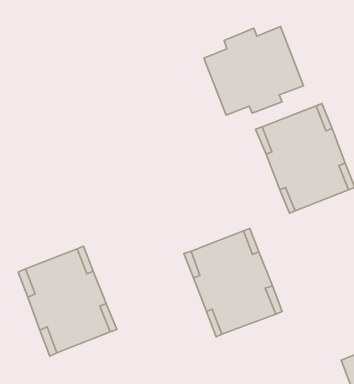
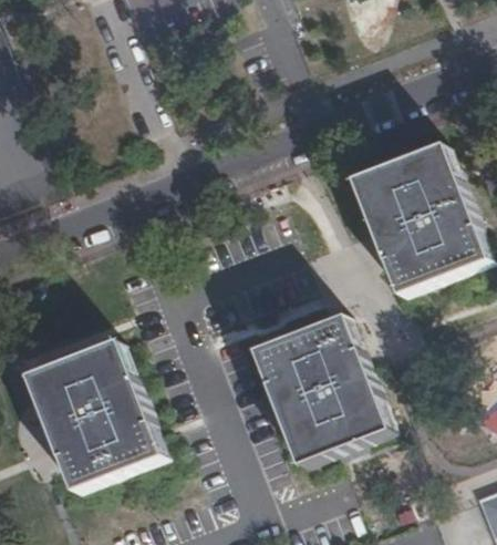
building: [204,27,303,115] -> none

